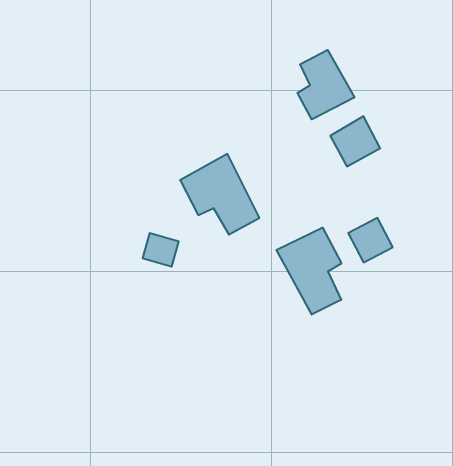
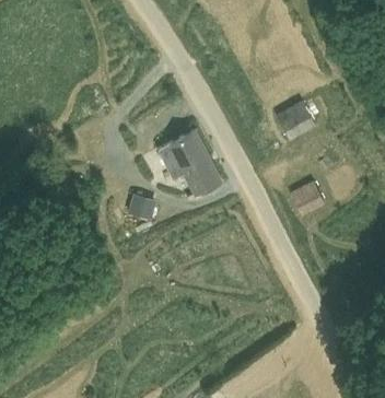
building: [297,50,354,119] -> none
building: [277,228,341,315] -> none

